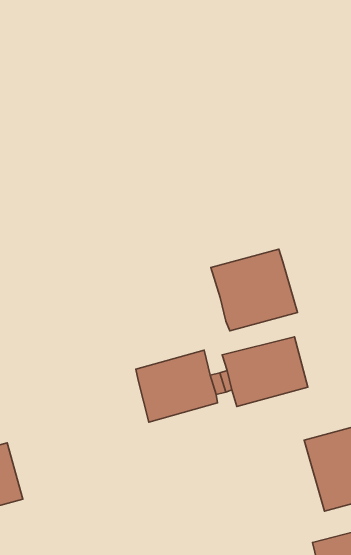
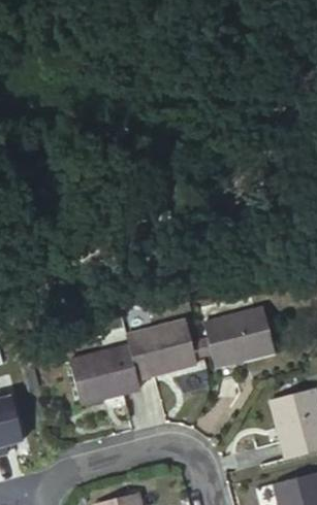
building: [211,249,298,331] -> none
building: none -> [66,344,138,406]

